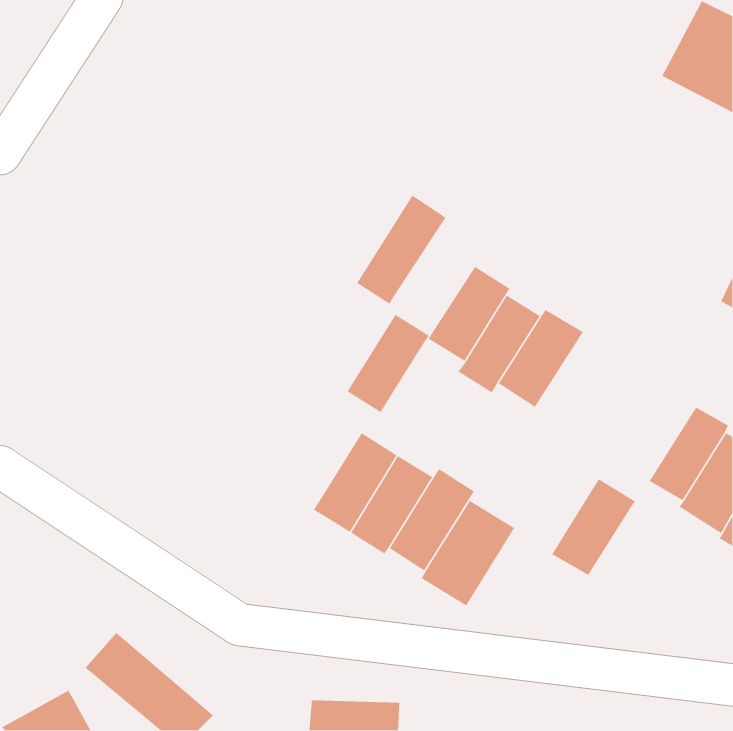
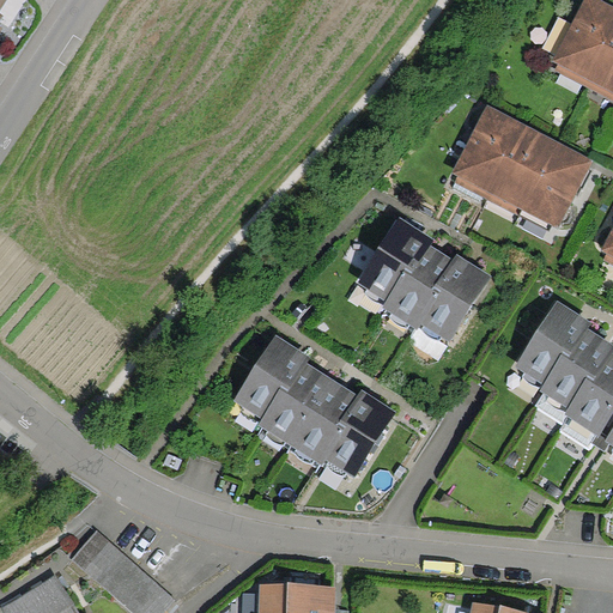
building: none -> [448,113,587,231]
building: [356,194,446,305] -> none
building: [346,314,430,413] -> [237,335,306,418]
building: [551,478,636,576] -> [515,312,585,394]
building: [421,500,515,607] -> none

